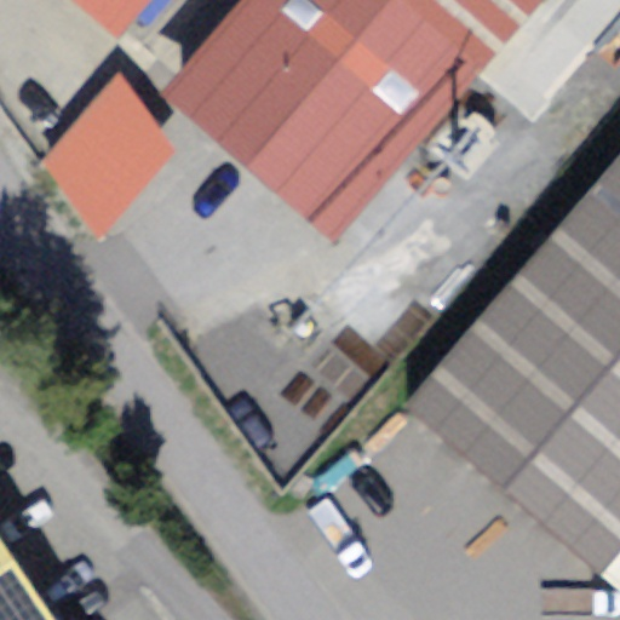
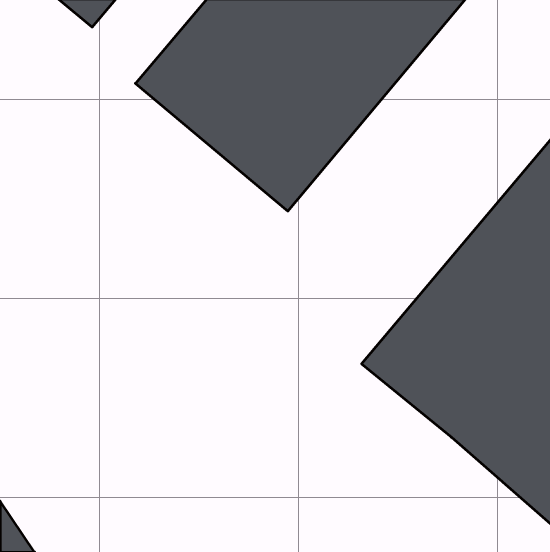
building: [39,73,191,222] -> none

